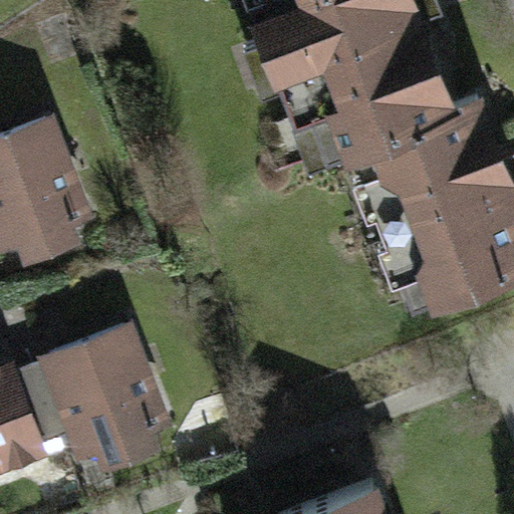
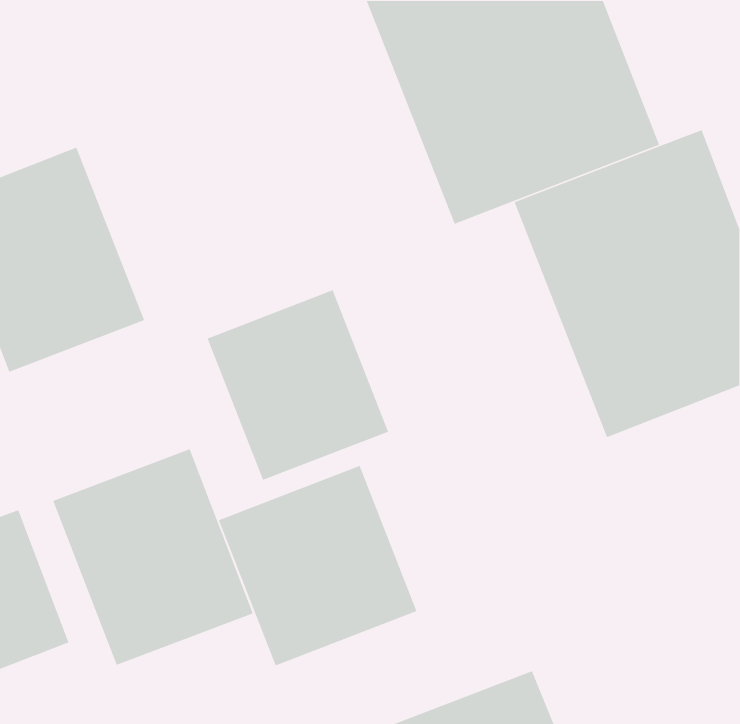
building: none -> [207,289,389,481]
building: none -> [218,465,418,666]

